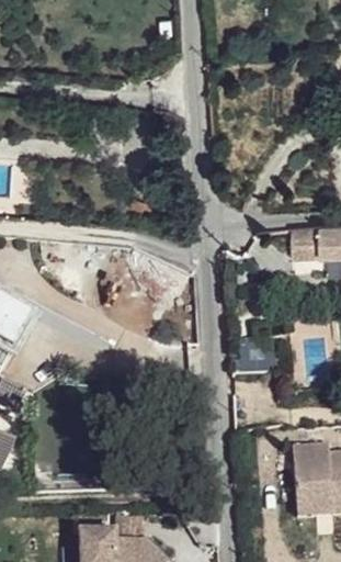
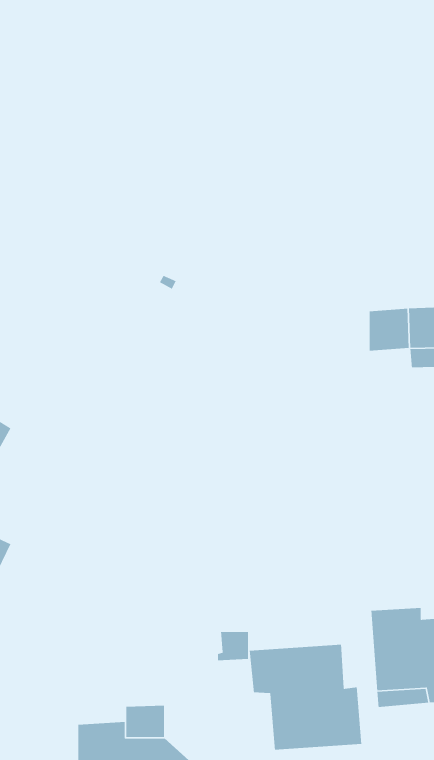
building: none -> [249,644,362,750]

